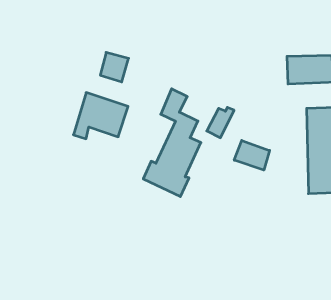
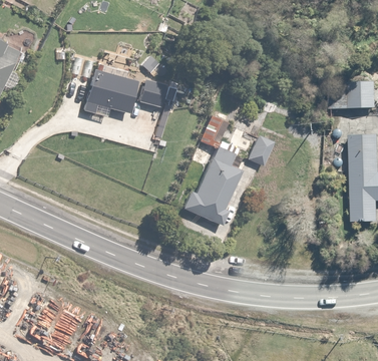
building: [73,93,128,139] -> [81,68,137,115]
building: [234,140,270,170] -> none

